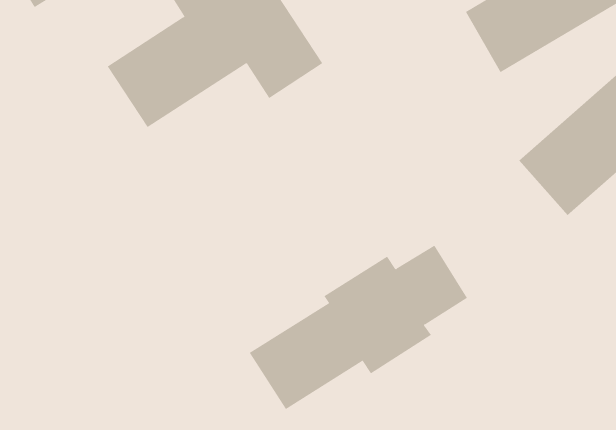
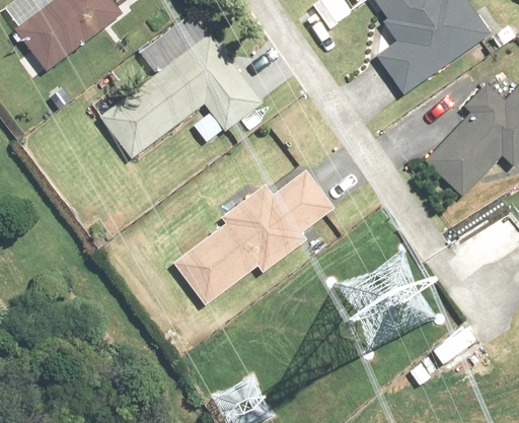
building: [249,245,468,410] -> [170,168,335,303]

